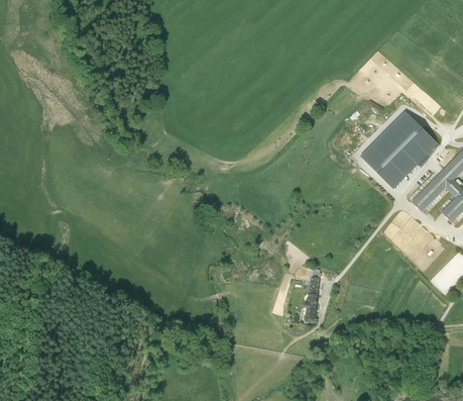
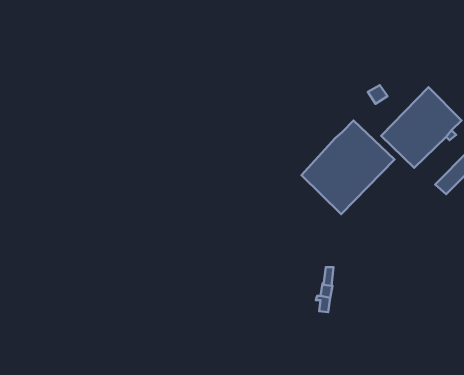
building: none -> [301,120,394,214]

